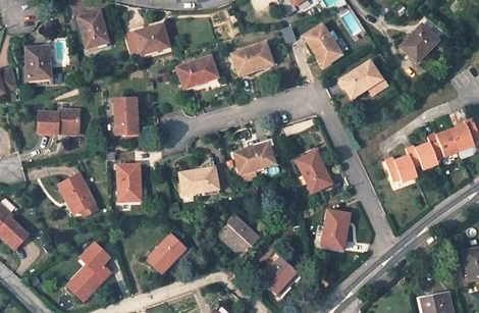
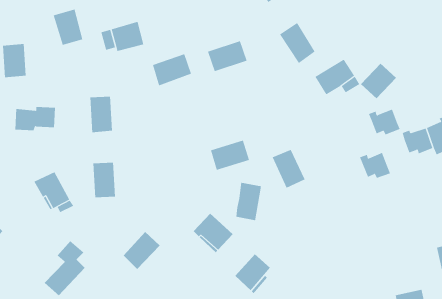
building: [401,24,437,61] -> [360,63,397,99]
building: [406,143,438,169] -> [368,109,401,135]
building: [180,168,218,194] -> none
building: [323,210,350,249] -> [235,182,262,221]

